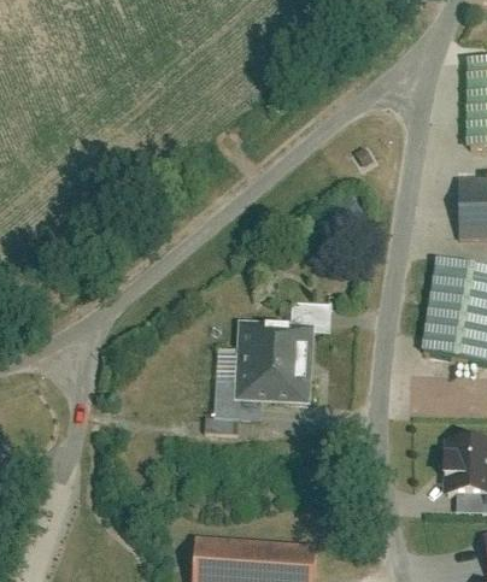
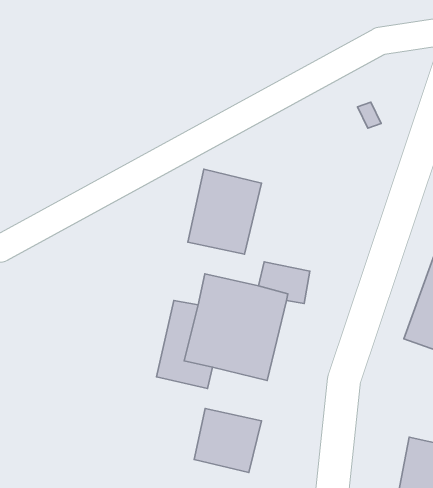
building: none -> [188,169,262,254]
building: none -> [194,409,261,472]

